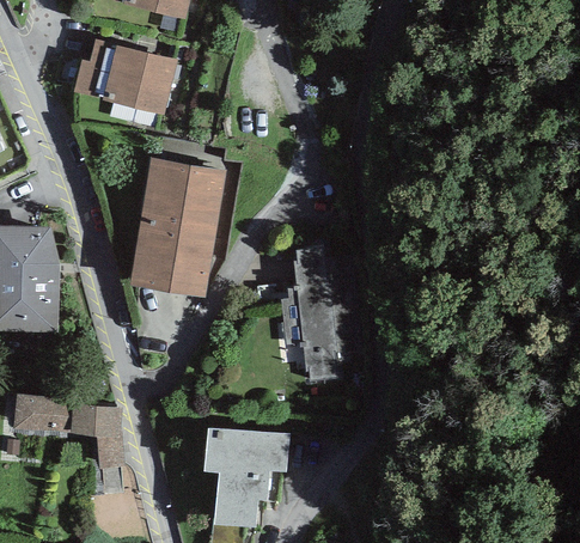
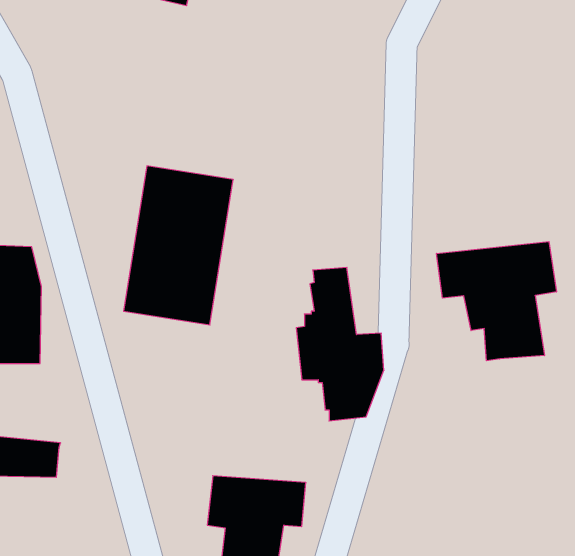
building: [74,39,177,115] -> none
building: none -> [437,242,556,361]
building: [72,403,126,469] -> none

